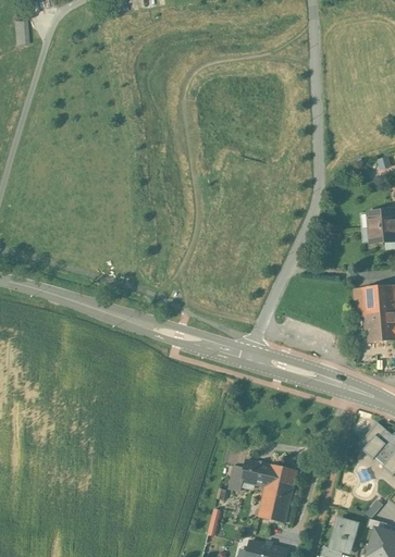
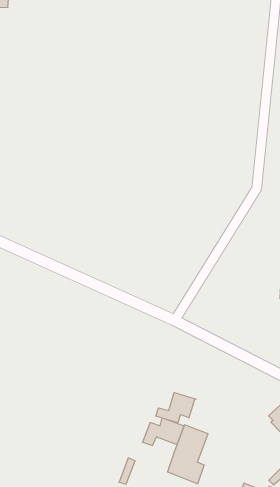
building: none -> [156,393,196,423]

